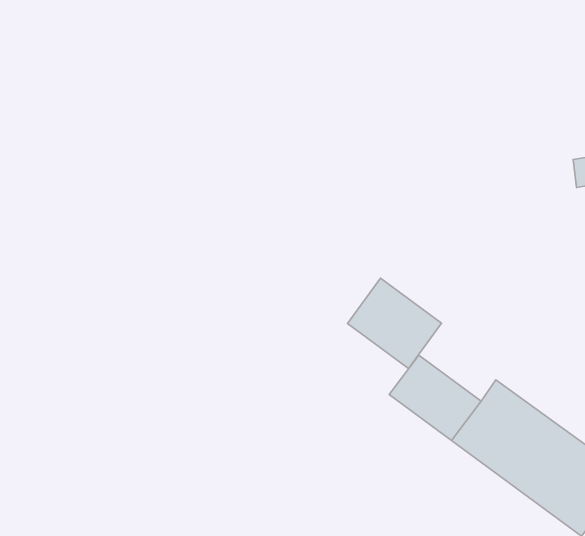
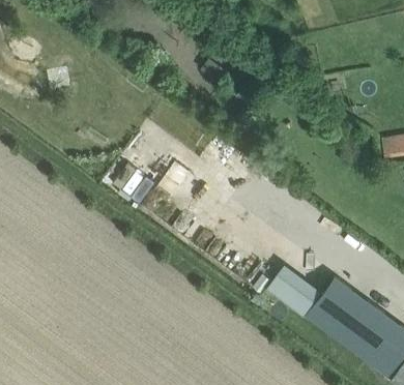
building: [348,278,442,369] -> none

